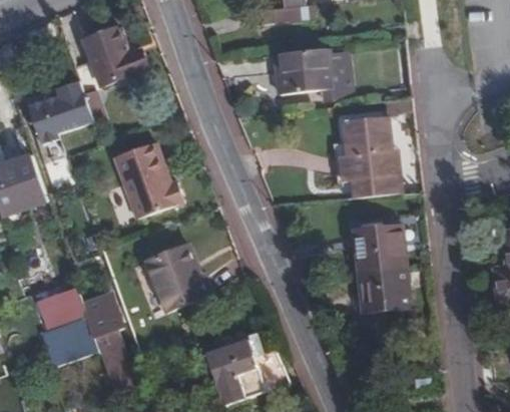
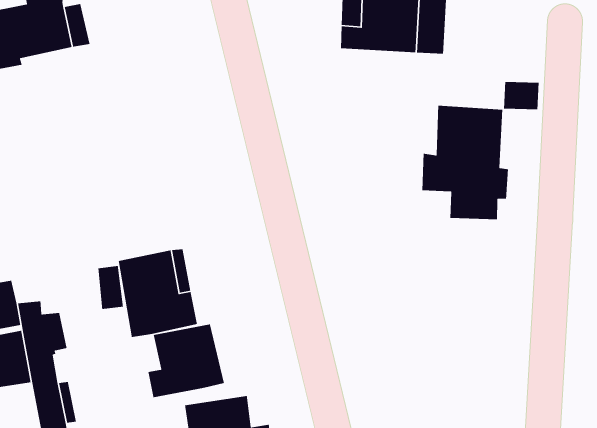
building: [114,140,182,217] -> none
building: [358,224,408,310] -> none
building: none -> [148,323,225,398]

